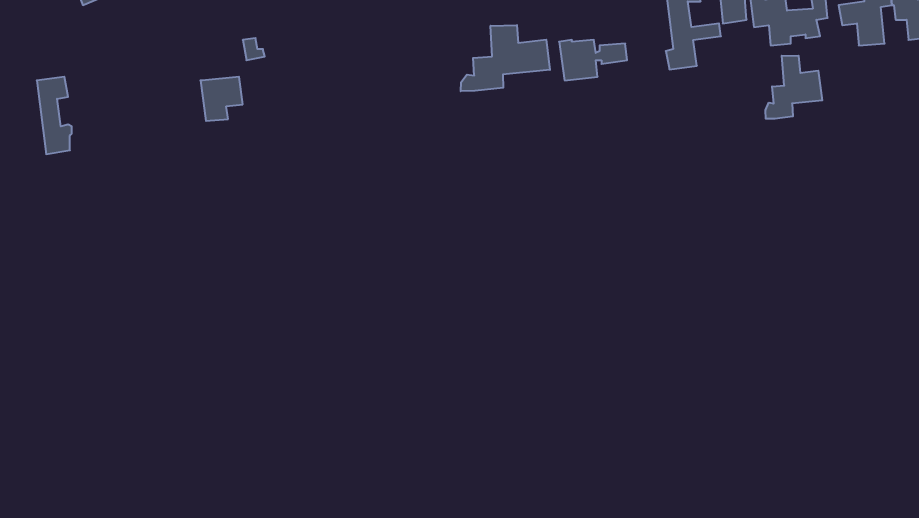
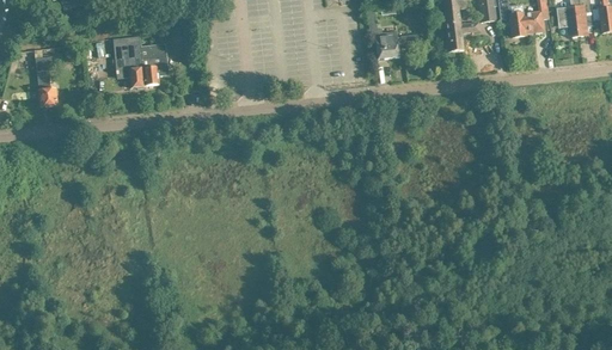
building: [461,25,550,91] -> none
building: none -> [114,36,145,87]
building: [766,56,822,119] -> none

